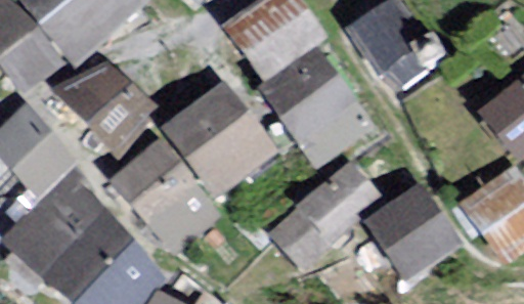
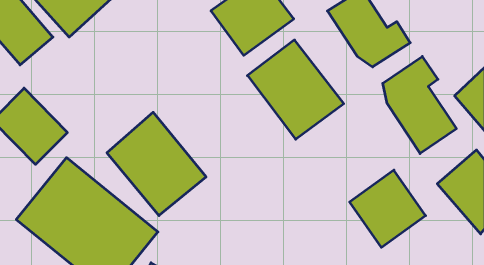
building: [57,68,152,148] -> none
building: none -> [383,56,456,154]
building: [164,86,269,192] -> none
building: [271,164,378,267] -> none

